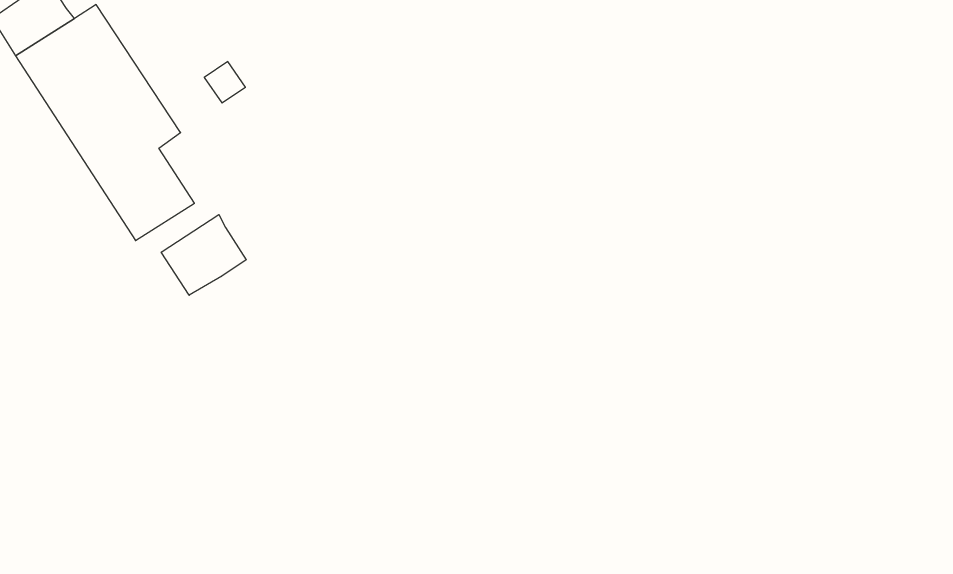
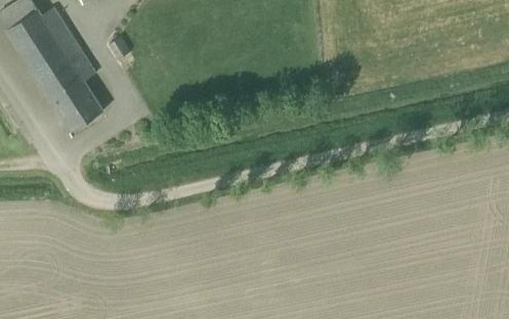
building: [161,215,246,295] -> none

